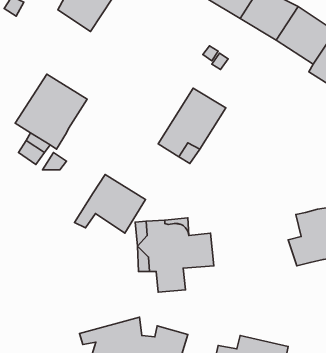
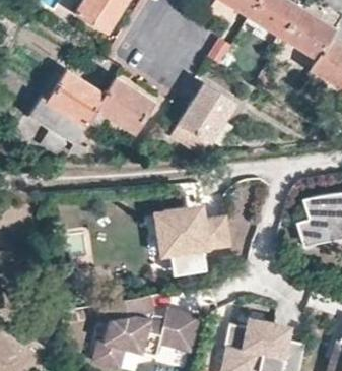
building: [75,174,146,233] -> [88,77,154,132]

